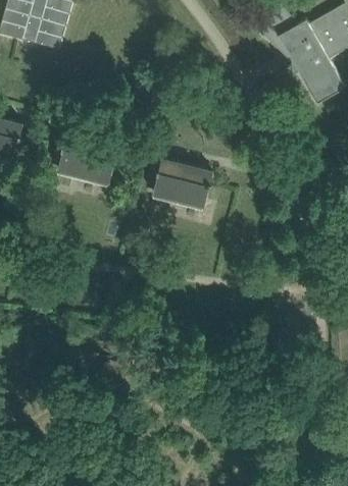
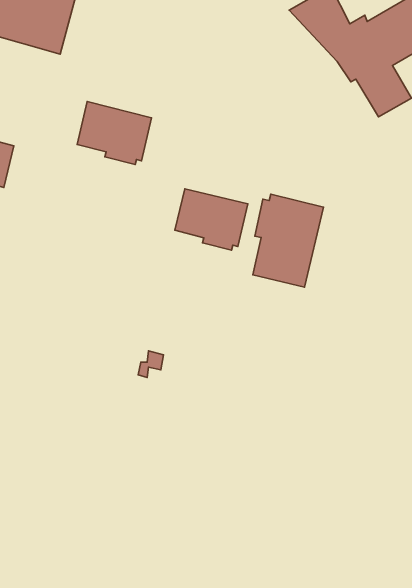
building: [56,136,116,186] -> [77,102,151,164]
building: none -> [253,194,324,287]

